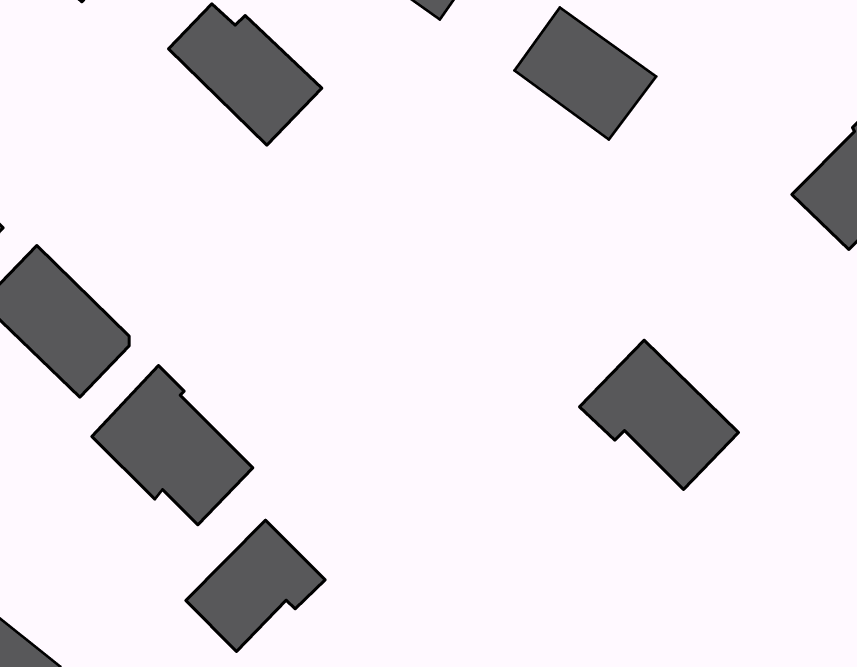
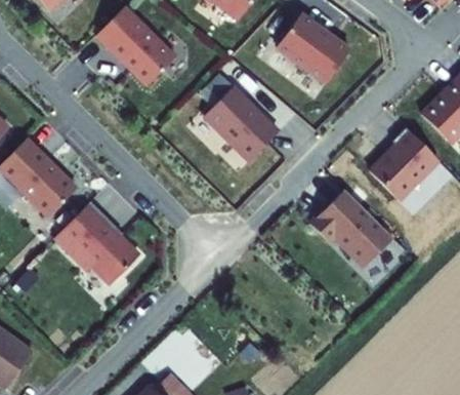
building: none -> [203,87,278,161]
building: none -> [369,125,437,198]
building: [186,520,325,651] -> none

